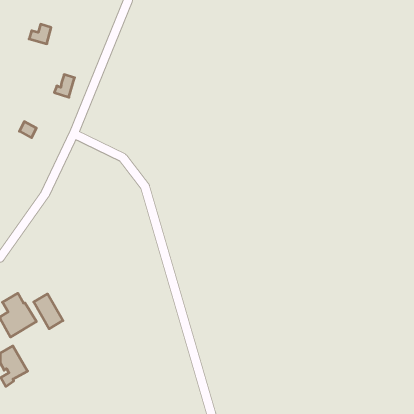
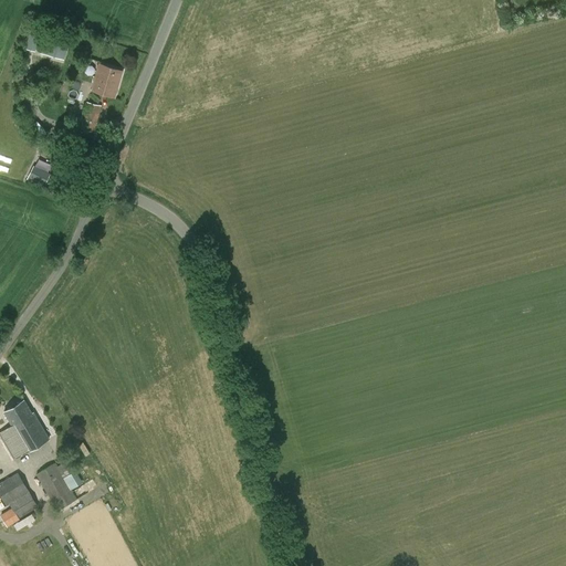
building: none -> [91,64,123,98]
building: [34,294,63,329] -> [36,463,76,511]

